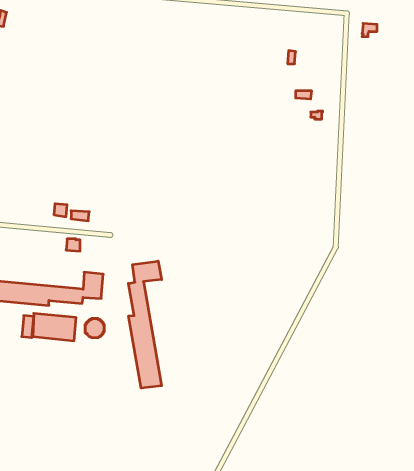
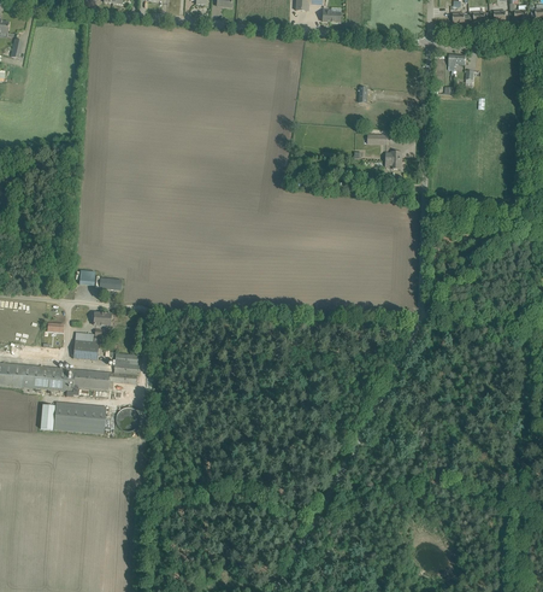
building: none -> [72,328,100,359]
building: [128,261,162,388] -> none

